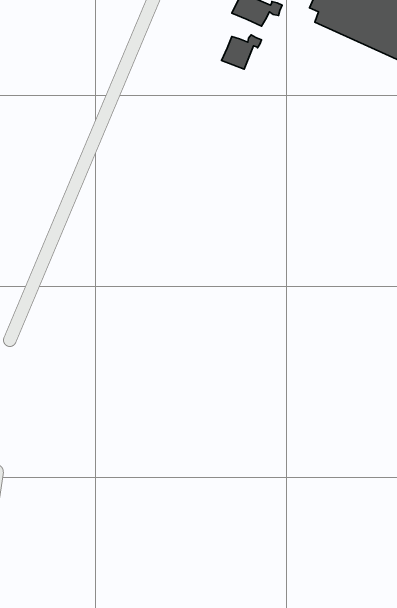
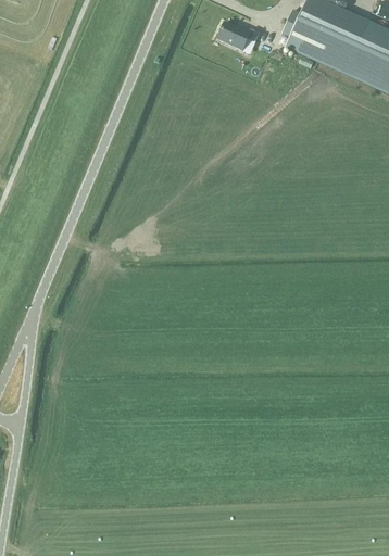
building: [222,35,261,69] -> none

